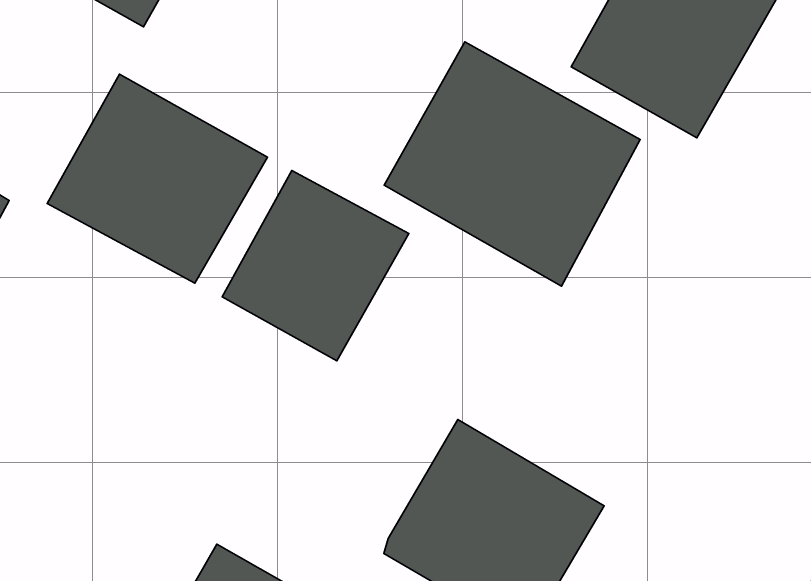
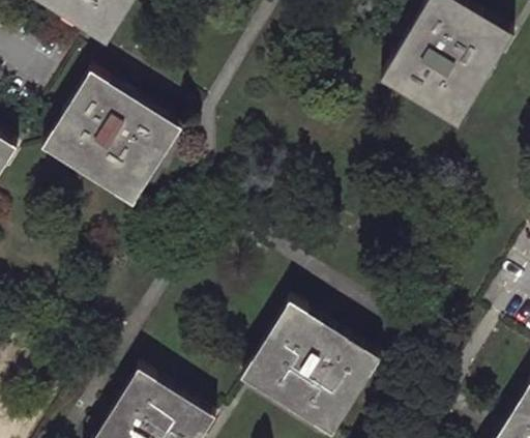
building: [384,42,640,286] -> none
building: [222,171,409,361] -> none

